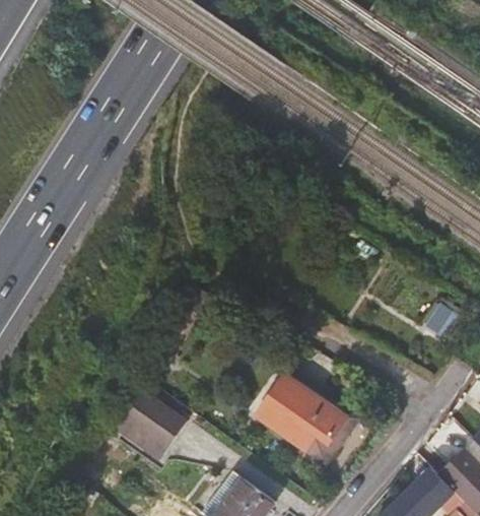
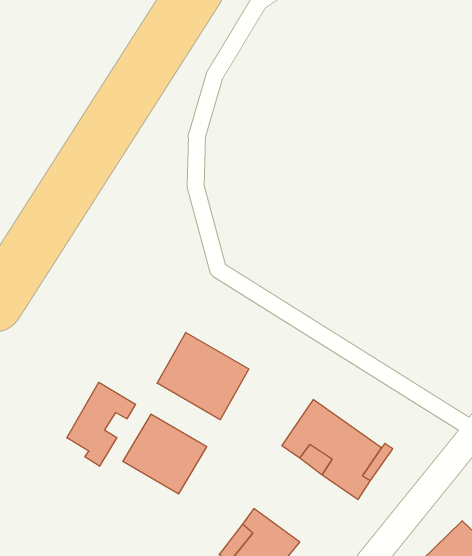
building: none -> [157,332,249,420]
building: none -> [67,382,136,466]

